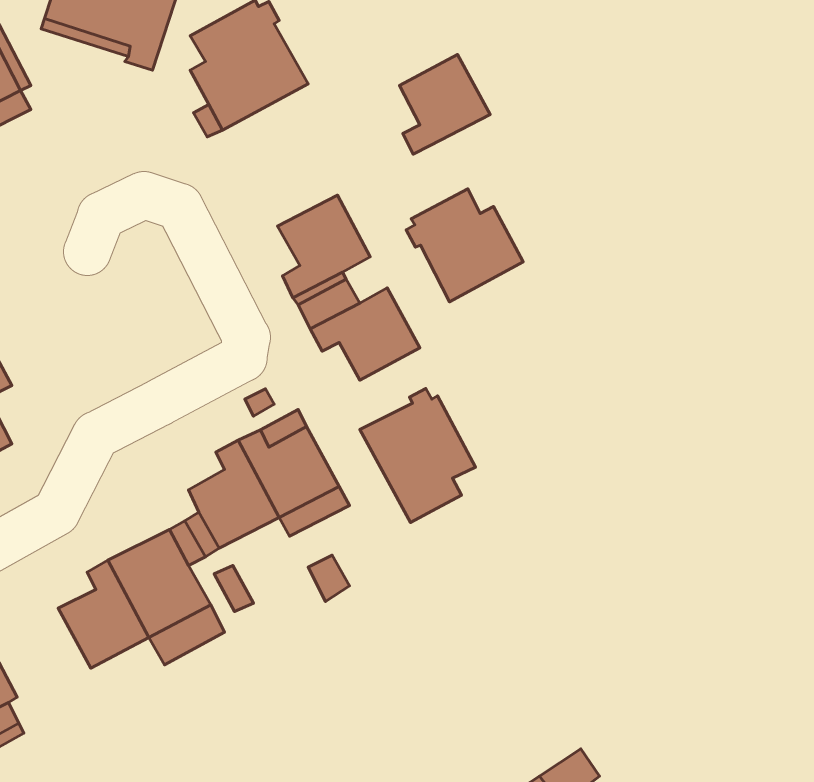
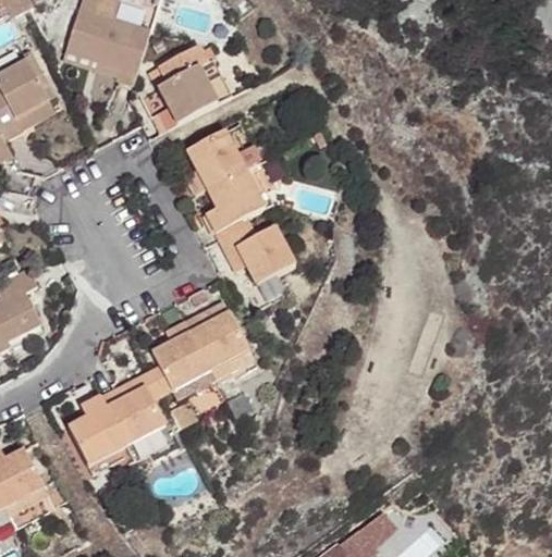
building: [399,55,490,154] -> [187,127,245,190]
building: [406,189,523,302] -> none
building: [360,388,476,523] -> none

